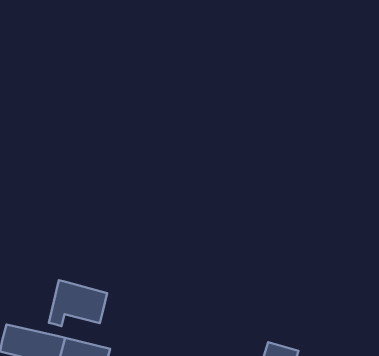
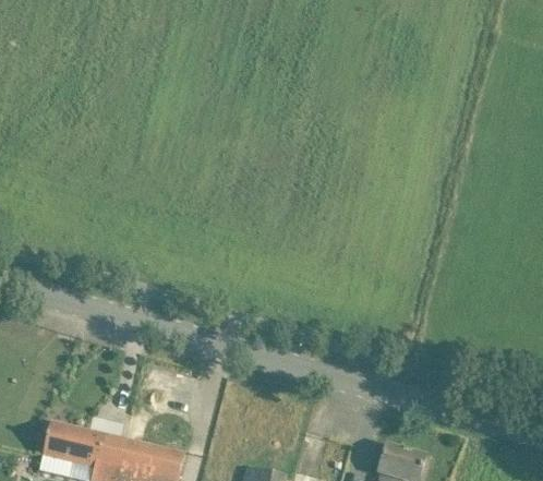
building: [49,280,107,326] -> none

